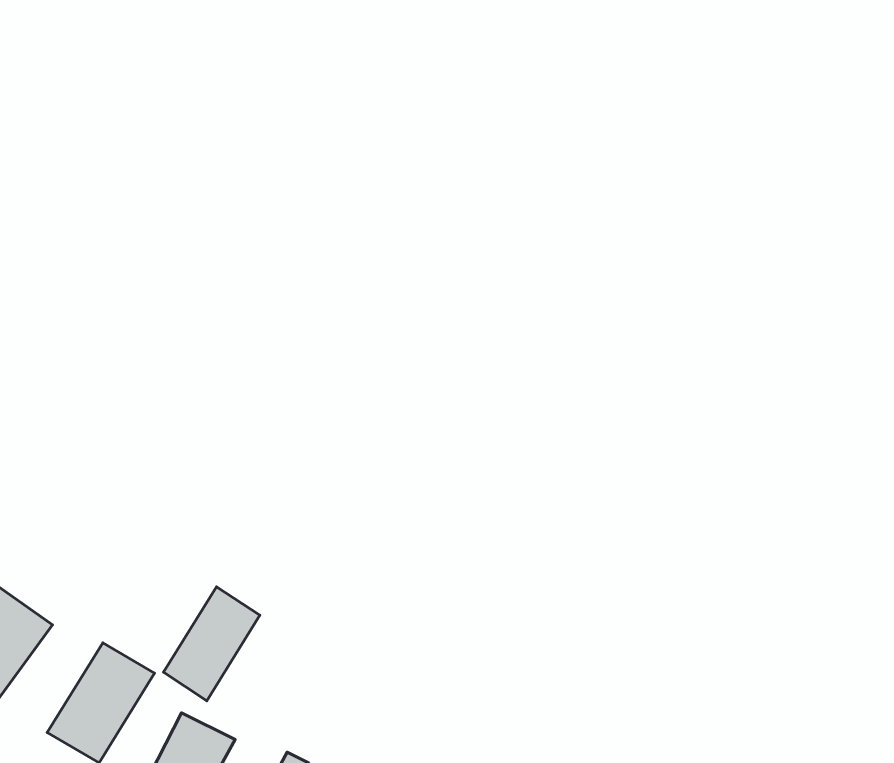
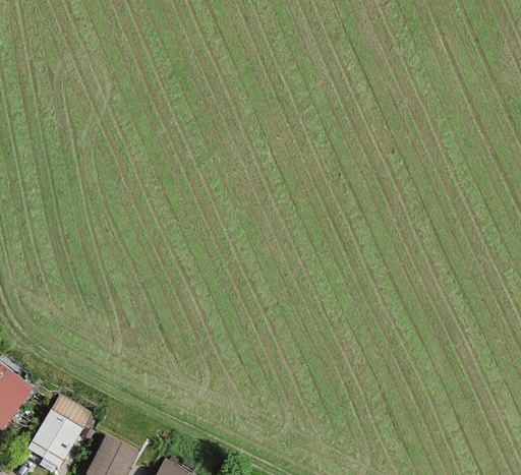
building: [163,587,260,701] -> none

